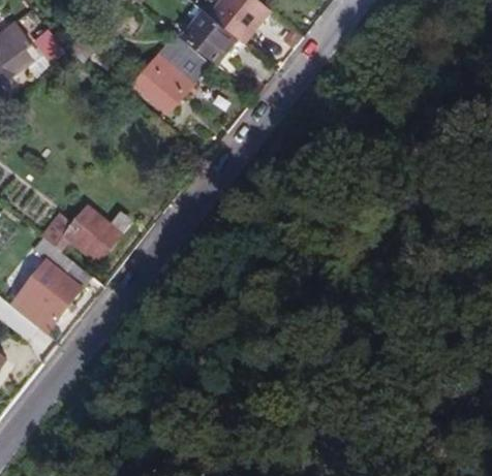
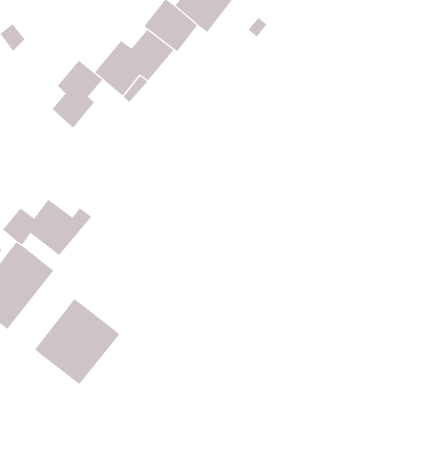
building: none -> [52,60,103,128]
building: none -> [34,298,120,385]

